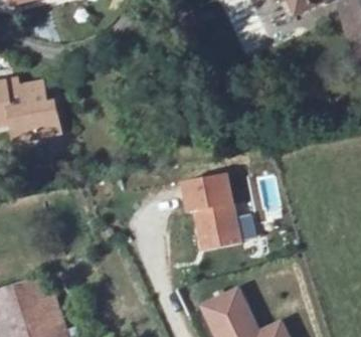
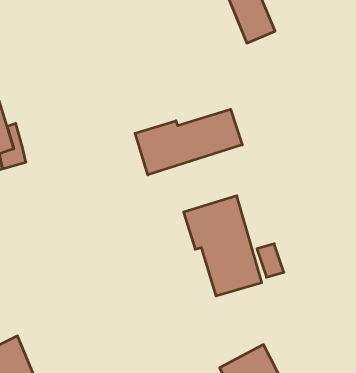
building: none -> [135,109,242,175]

